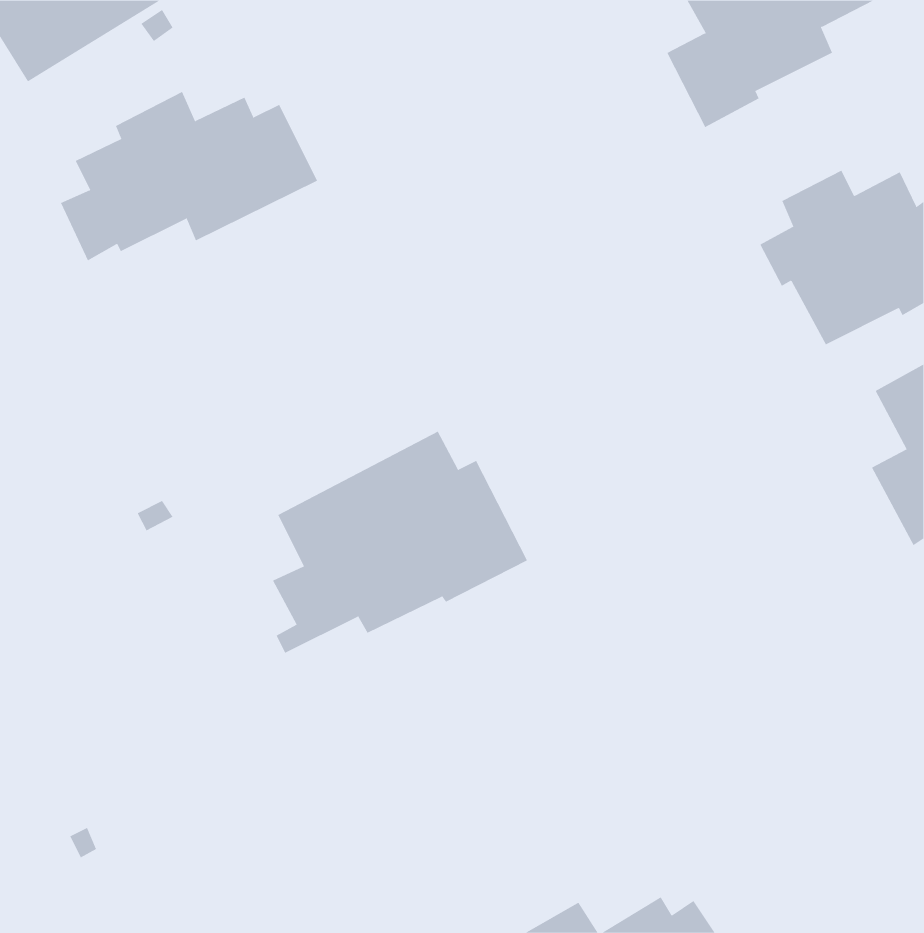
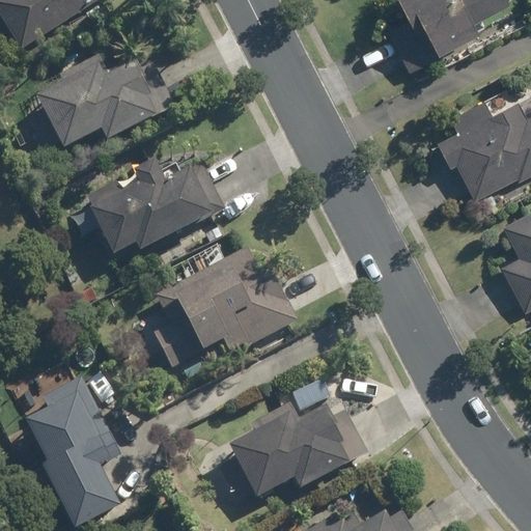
building: none -> [100,153,223,248]
building: none -> [36,372,128,524]
building: none -> [224,400,369,498]

